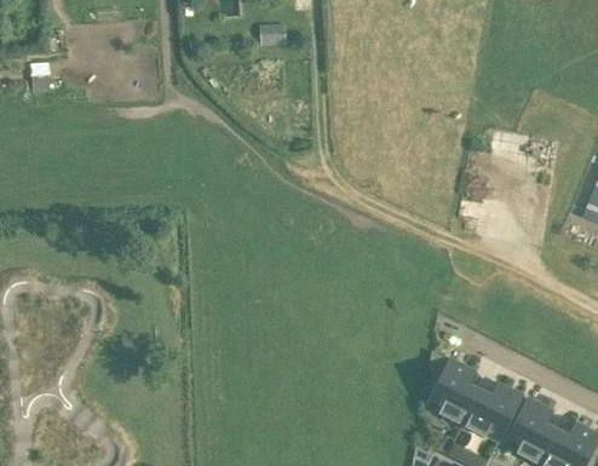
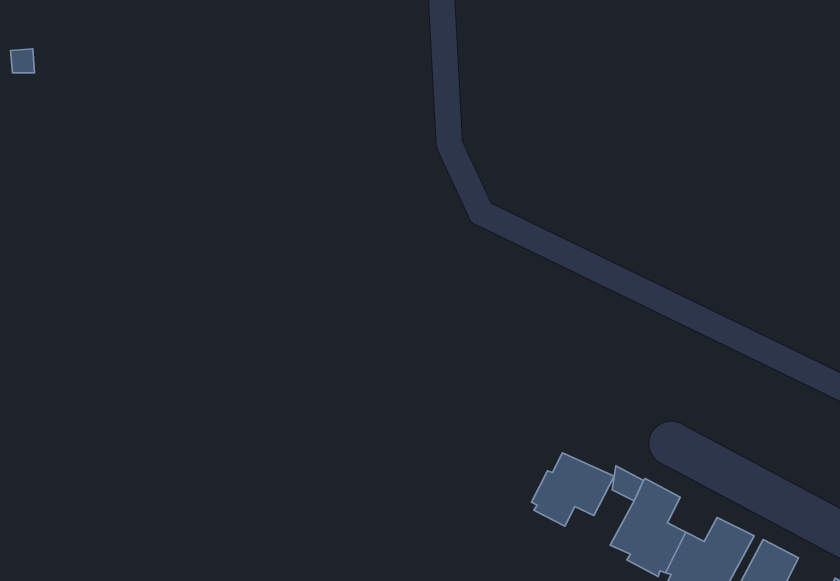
building: none -> [532,453,614,526]

